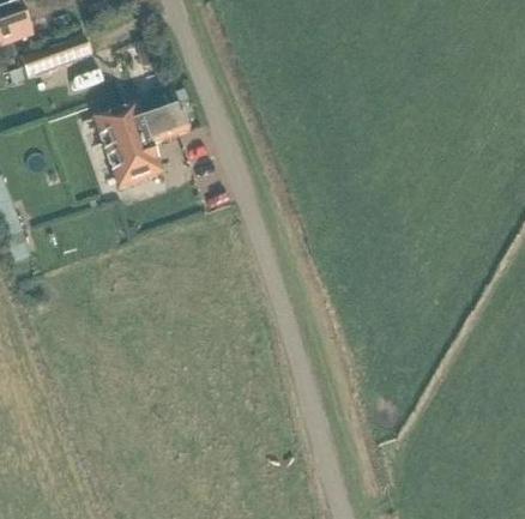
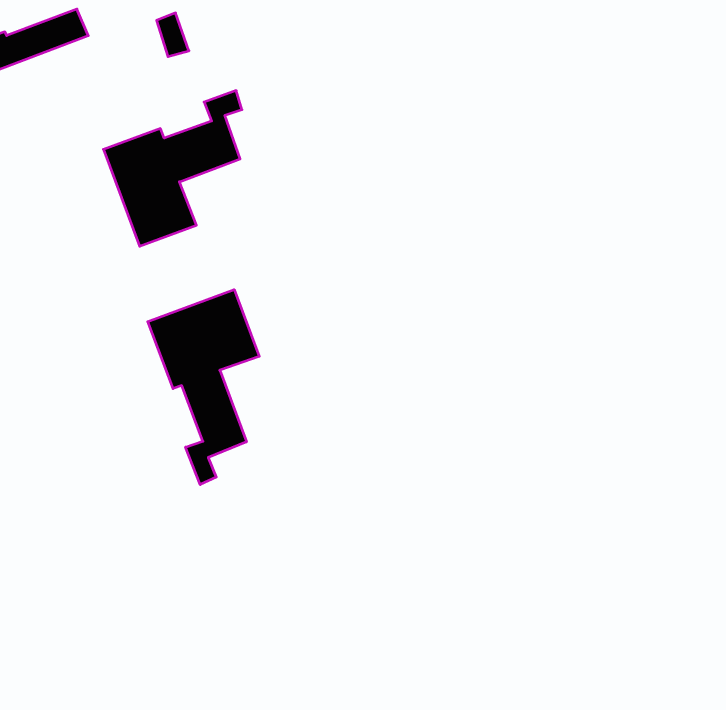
building: none -> [148,290,259,485]

